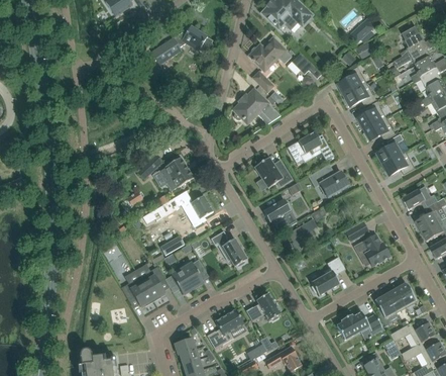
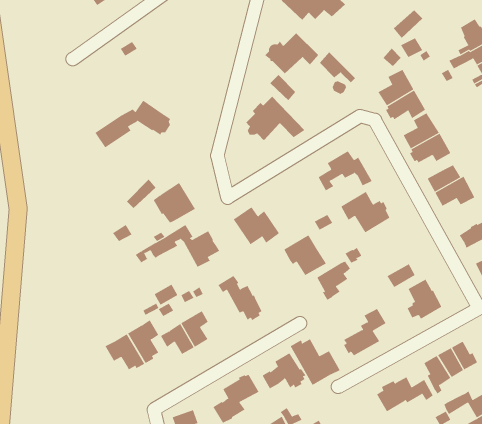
building: [152,25,213,64] -> [95,100,171,148]
building: [254,157,292,187] -> [233,207,280,245]
building: none -> [290,339,341,386]

